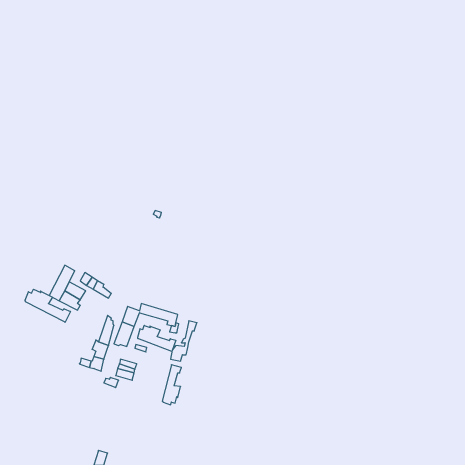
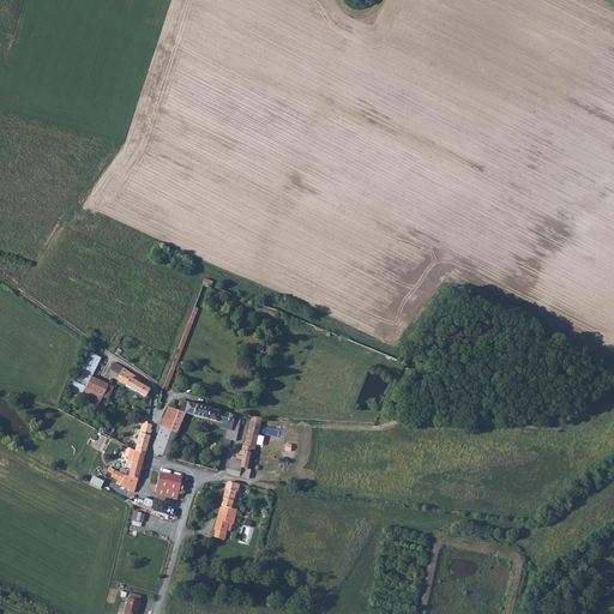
building: [25,289,70,322] -> none
building: [138,325,176,351] -> none

